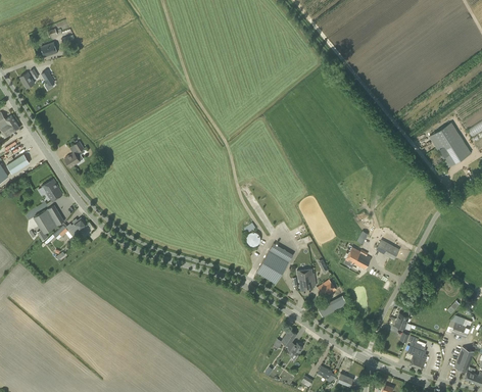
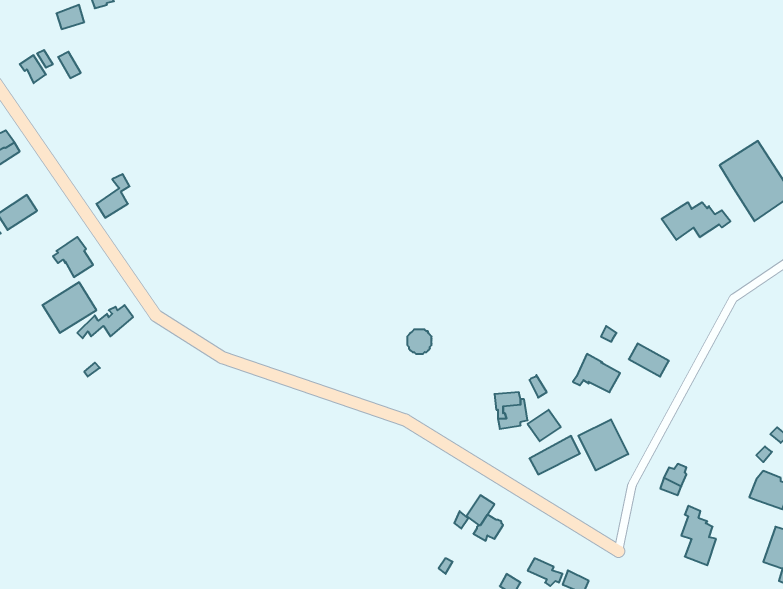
building: none -> [662,202,730,240]
building: [256,243,293,284] -> none
building: none -> [578,419,628,470]

